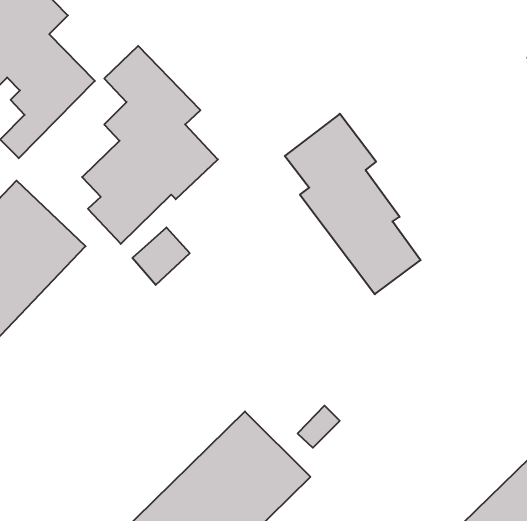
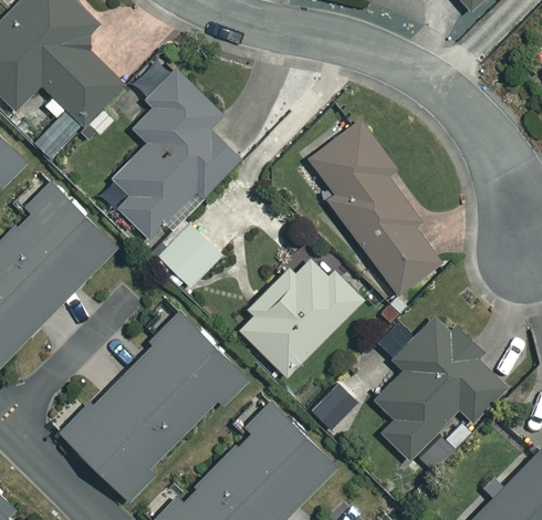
building: none -> [231,249,354,372]
building: none -> [371,310,502,457]
building: none -> [60,314,242,497]

